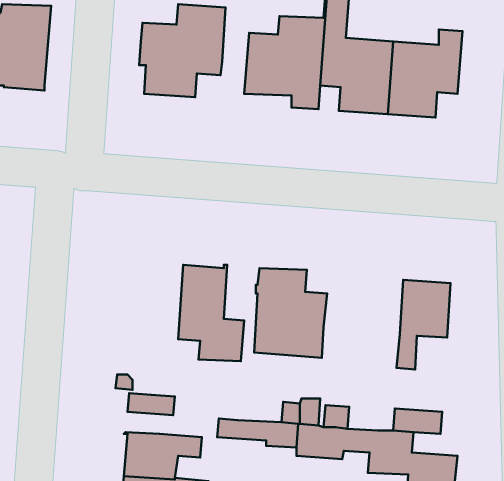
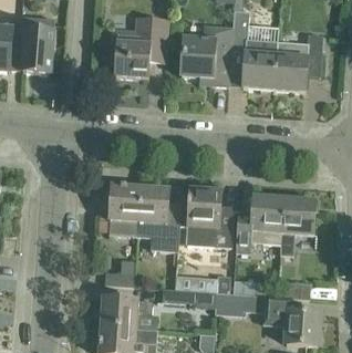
building: none -> [99,184,141,236]
building: none -> [235,195,284,255]

